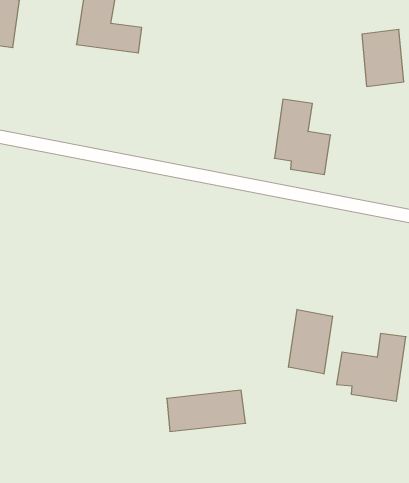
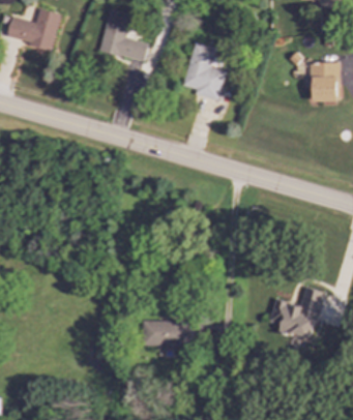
building: [274,99,331,175] -> [183,42,227,101]
building: [289,309,332,374] -> none

